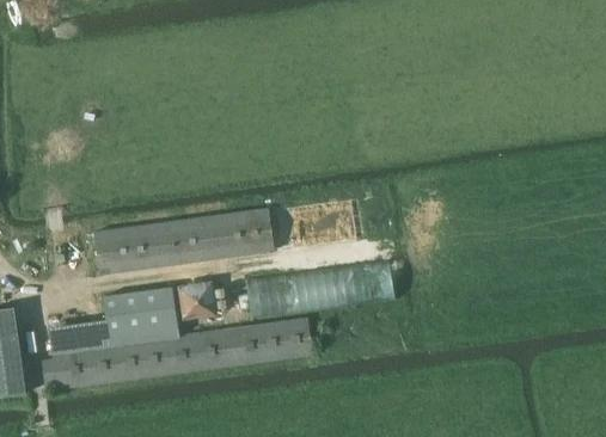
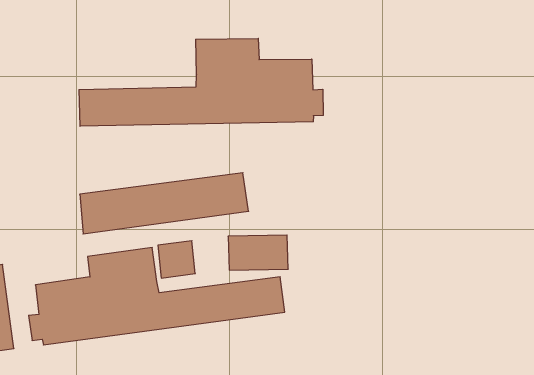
building: none -> [79,38,323,126]
building: [313,264,396,303] -> none

